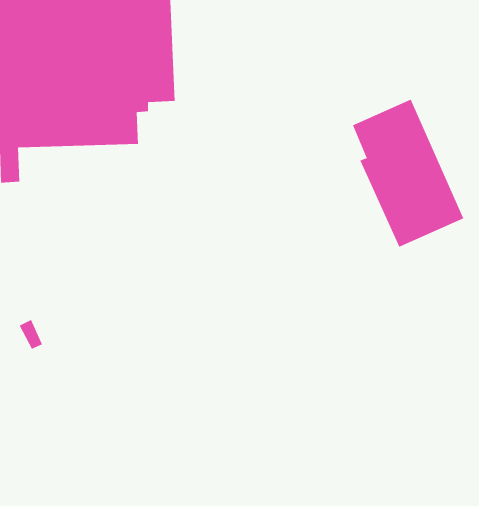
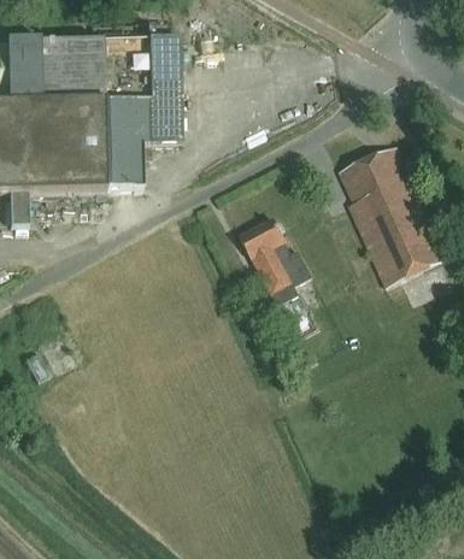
building: none -> [236,217,310,305]

